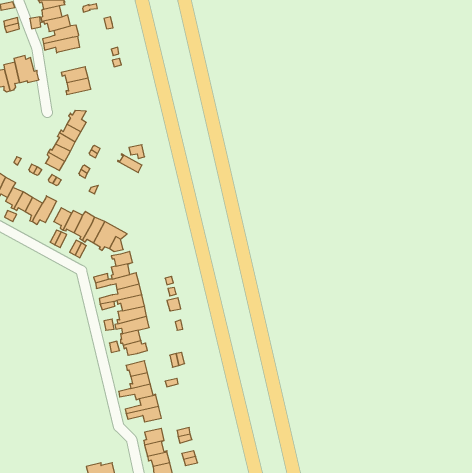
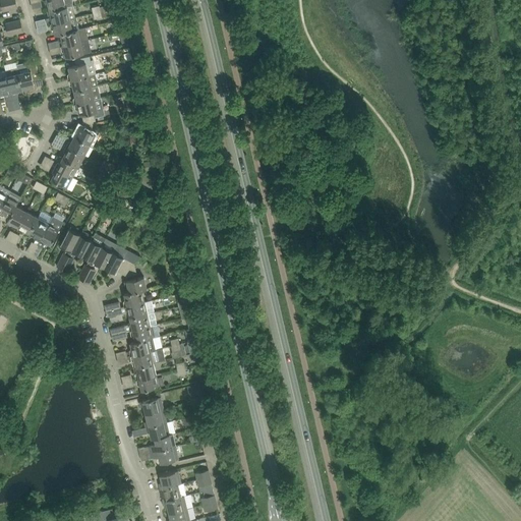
building: none -> [66,56,95,80]
building: none -> [73,99,104,123]

